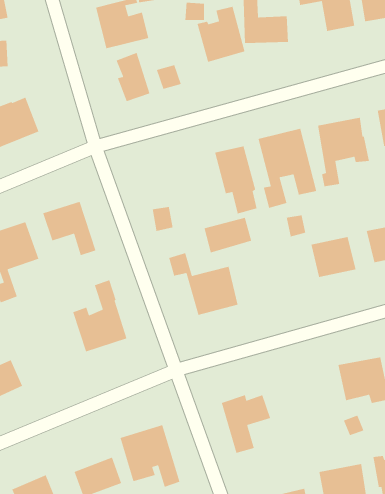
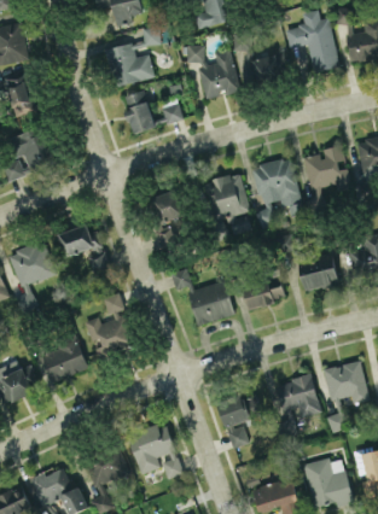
building: none -> [152,191,182,222]
building: [204,217,252,253] -> [242,276,285,309]
building: none -> [39,337,87,382]
building: none -> [275,375,319,438]

